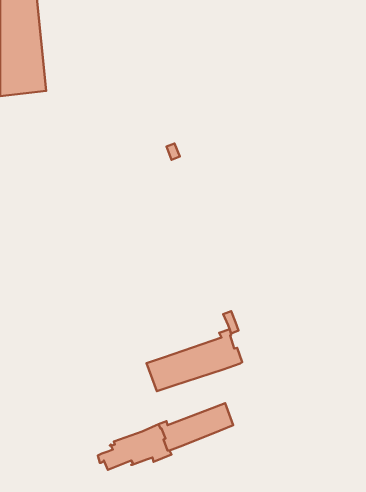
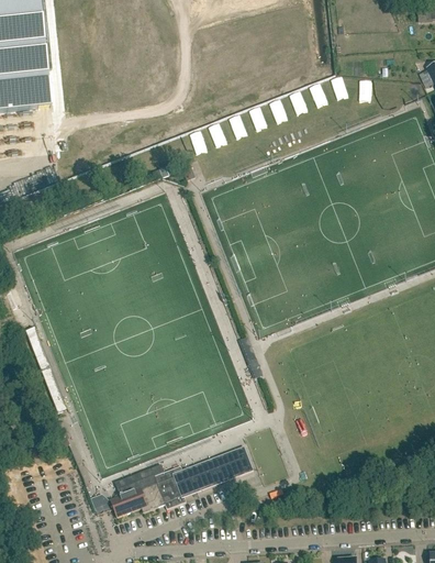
building: [147,329,242,391] -> none

